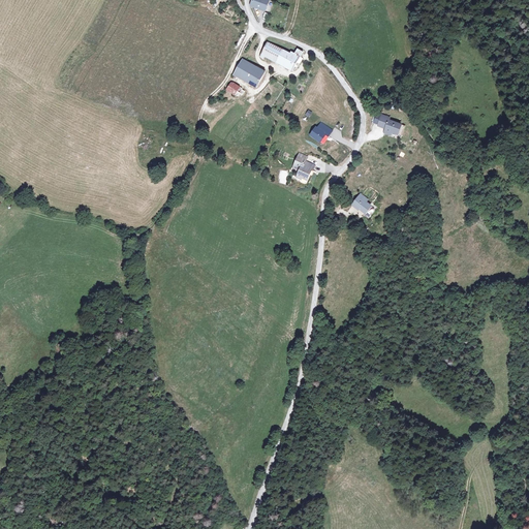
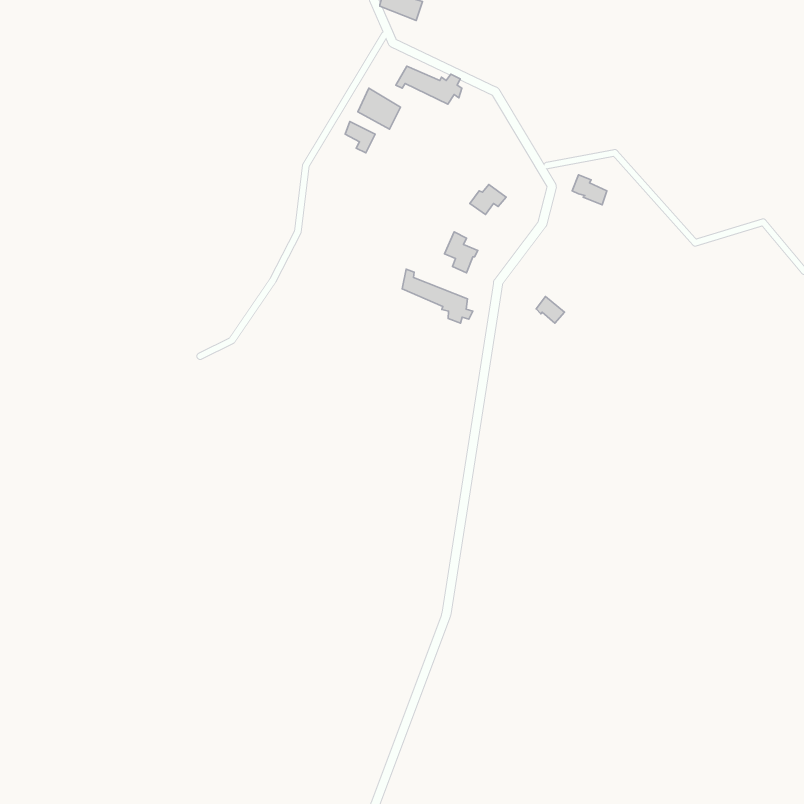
building: none -> [402,269,473,323]

